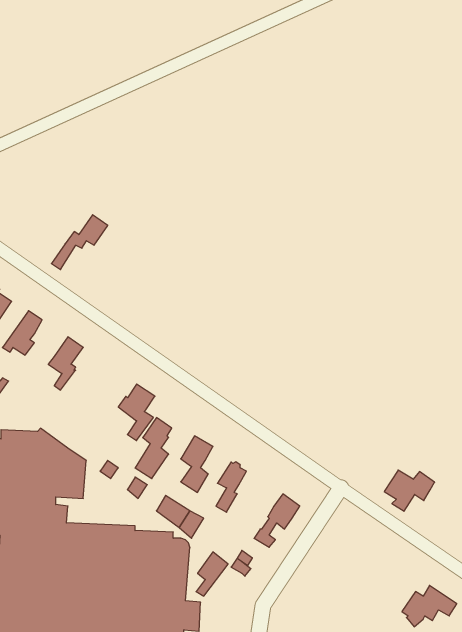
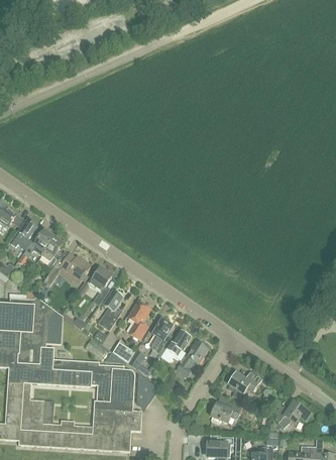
building: [51,215,108,270] -> [16,229,53,265]
building: none -> [39,253,90,286]
building: [384,470,435,511] -> [226,372,259,399]
building: none -> [160,330,191,360]
building: none -> [210,401,241,424]

